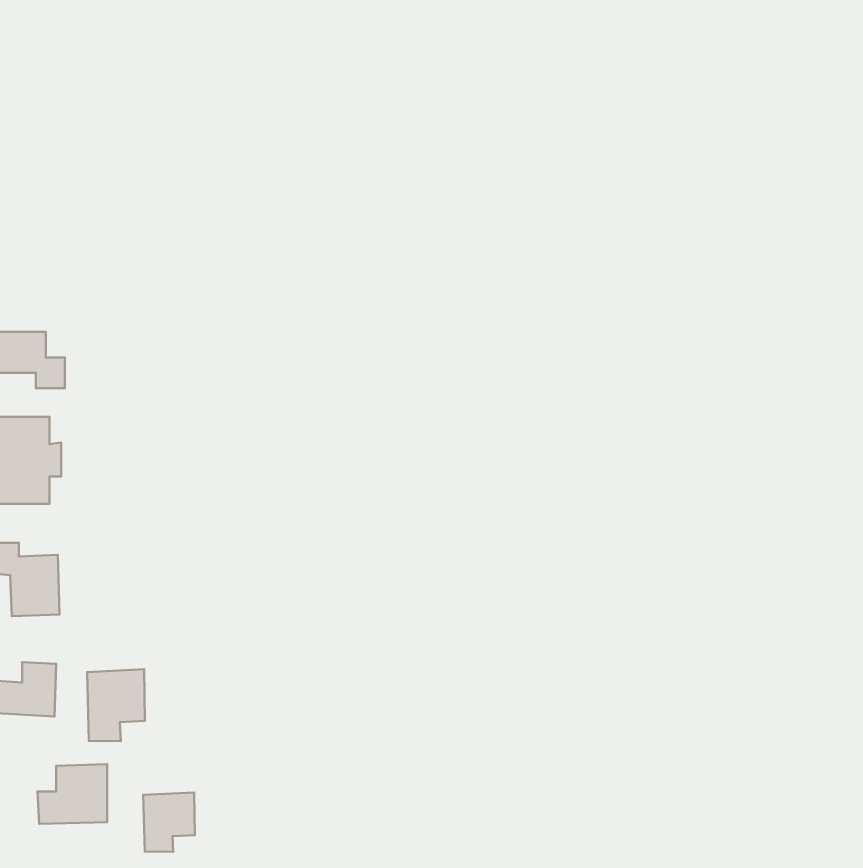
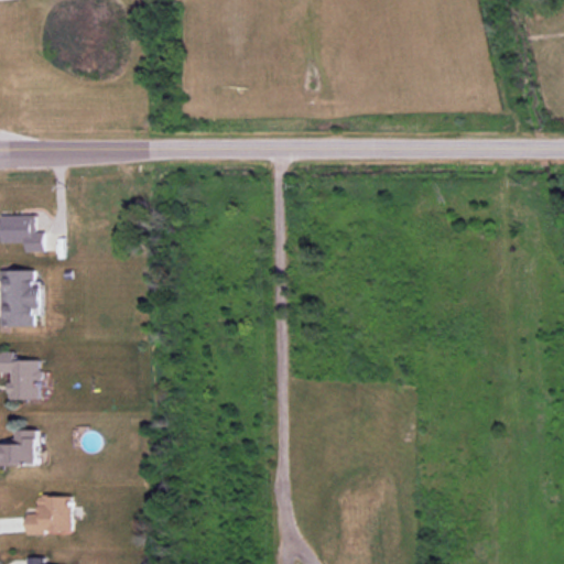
building: [87,669,145,741] -> none
building: [143,793,195,852] -> none

